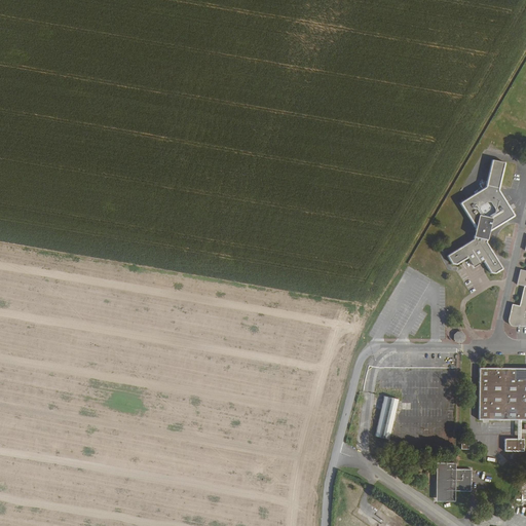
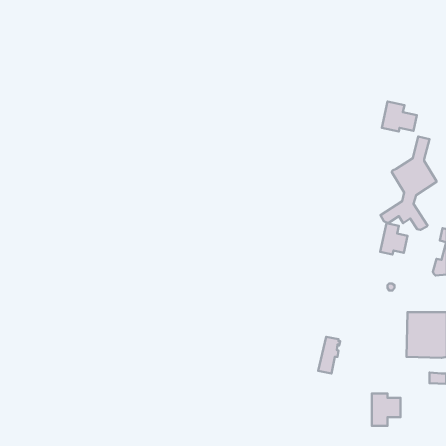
building: none -> [382,101,417,131]
building: none -> [380,223,407,254]

